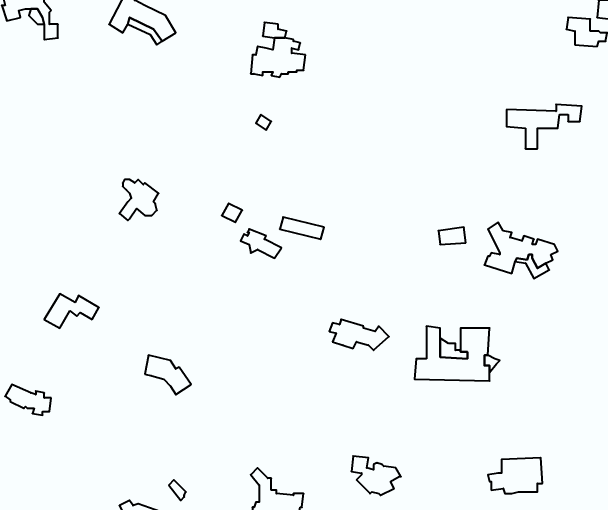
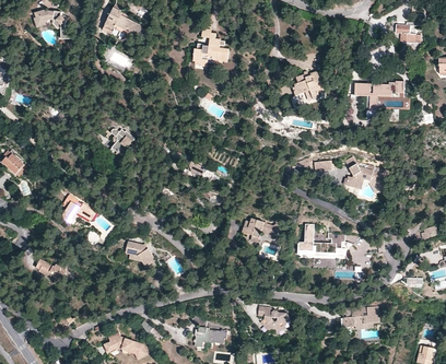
building: none -> [292,72,322,99]

